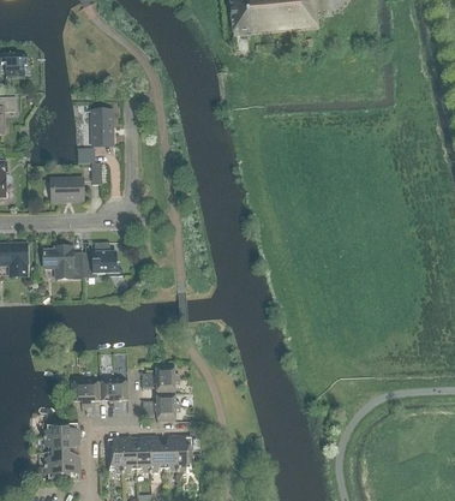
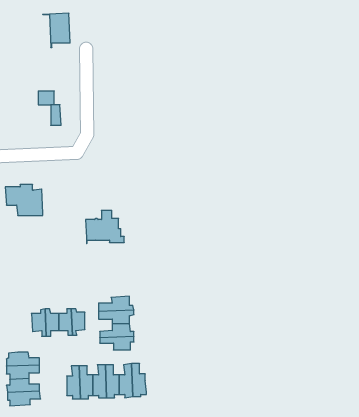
building: [84,109,113,145] -> [43,13,70,47]
building: [50,178,83,201] -> none
building: [82,241,122,276] -> [86,210,124,244]

